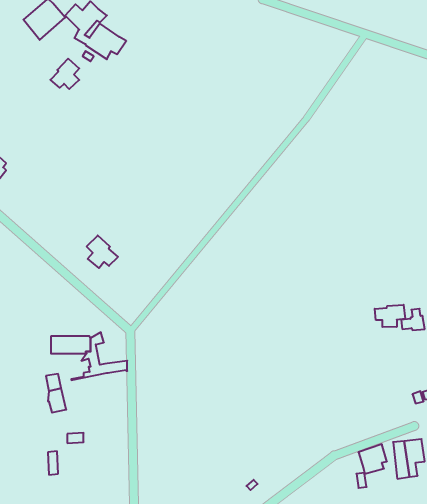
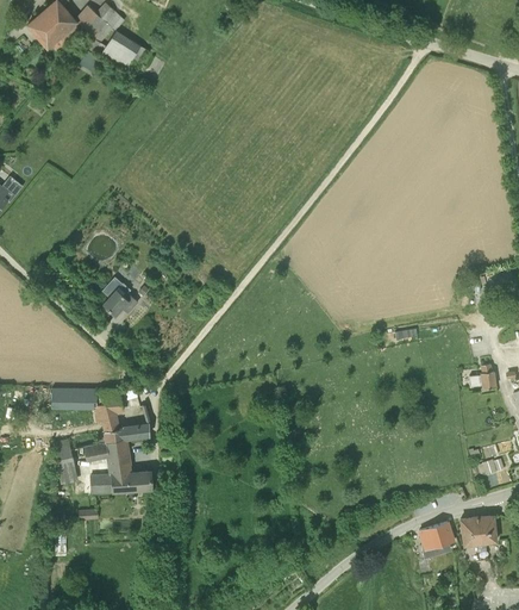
building: [50,59,79,89] -> none
building: [375,305,405,327] -> none
building: none -> [85,437,152,493]

